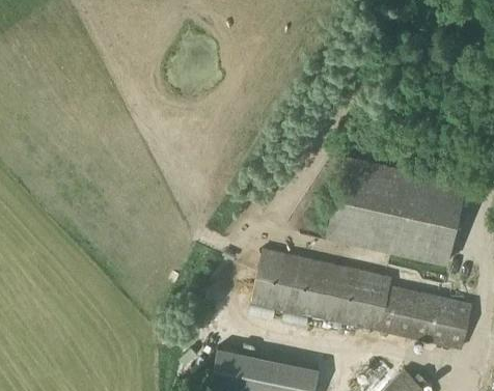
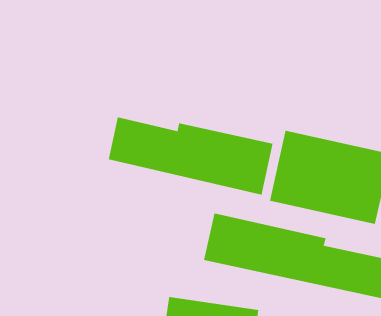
building: none -> [108,117,273,196]

